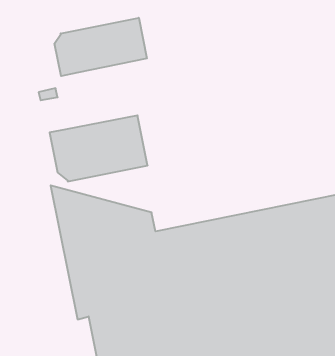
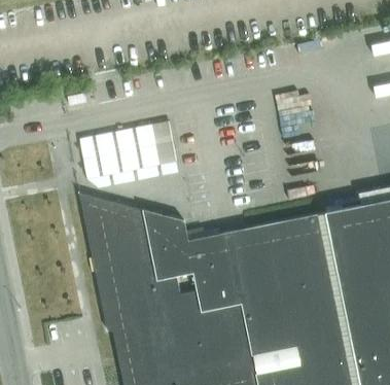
building: [55,18,147,76] -> none

